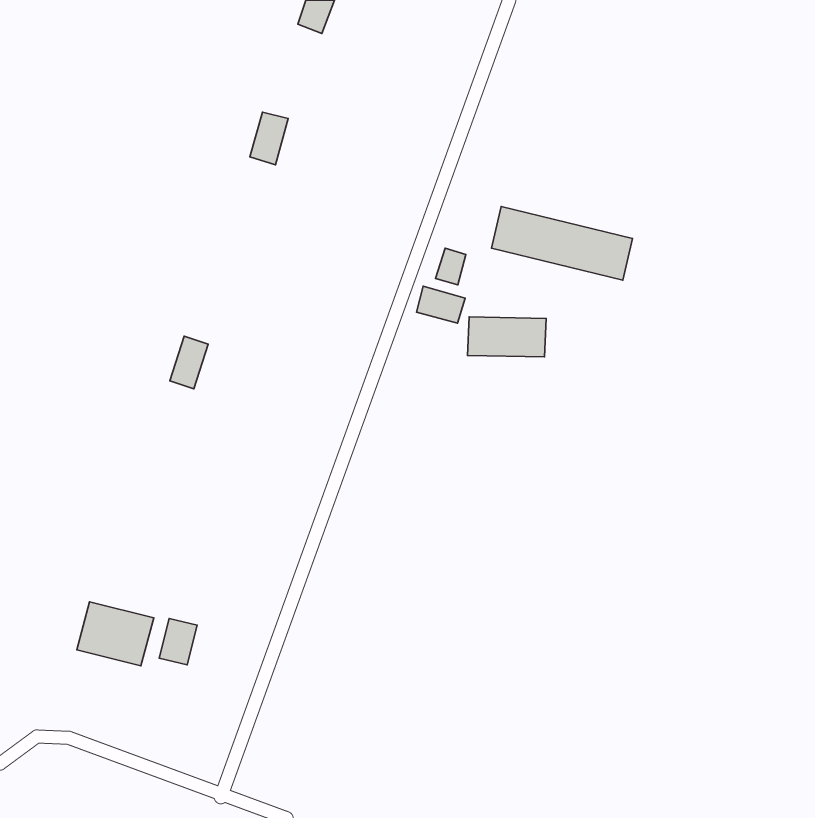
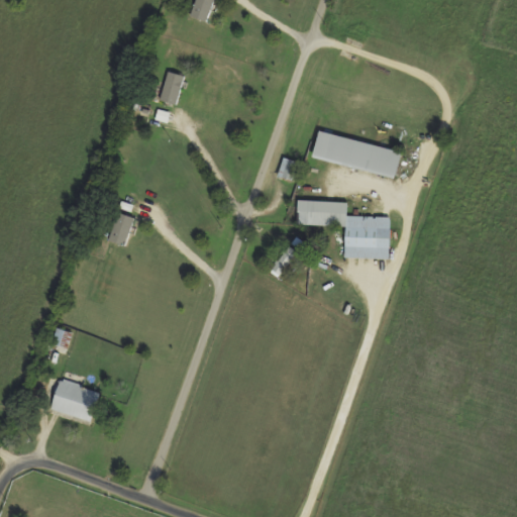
building: [417,286,465,323] -> none
building: none -> [344,215,390,258]
building: [159,618,197,665] -> none

